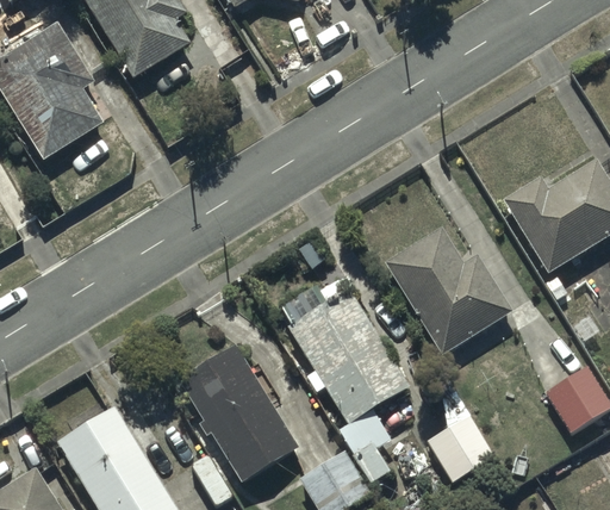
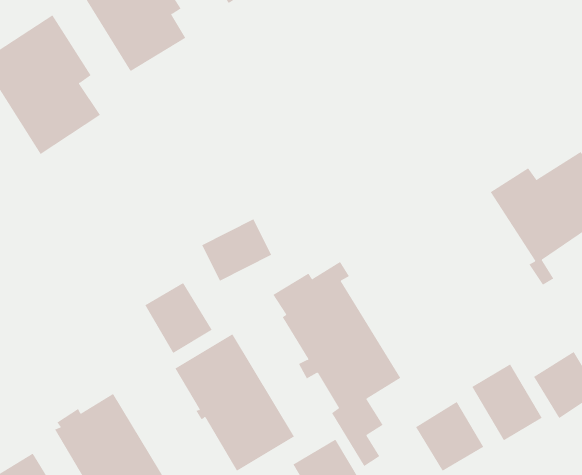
building: [382,225,512,355] -> none
building: none -> [201,219,272,281]
building: none -> [145,282,212,354]
building: none -> [472,364,542,441]

